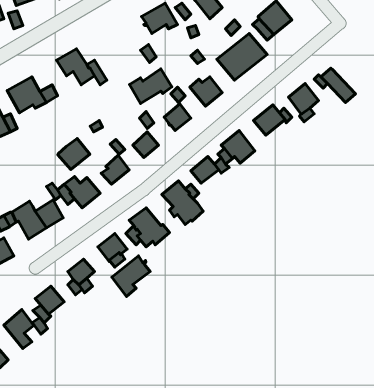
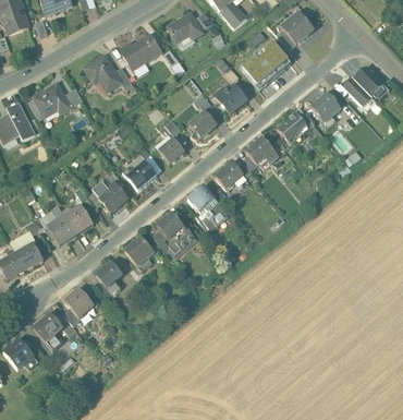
building: none -> [353,65,389,101]
building: [129,69,172,103] -> [124,37,166,71]
building: [58,138,90,169] -> none
building: [112,256,150,296] -> none

